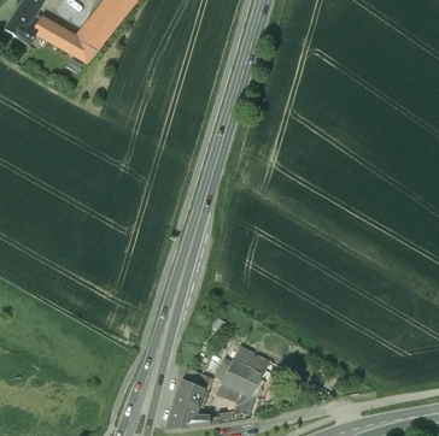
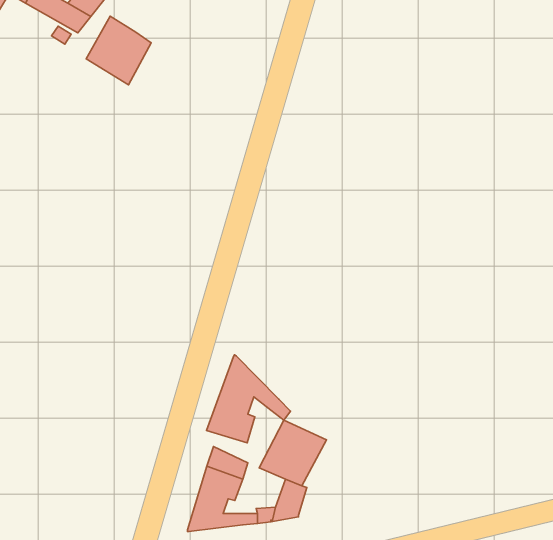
building: none -> [86,16,151,85]
building: none -> [207,355,291,443]

